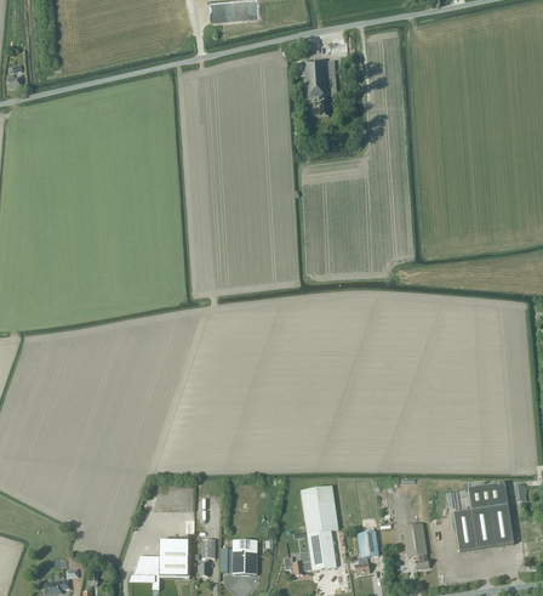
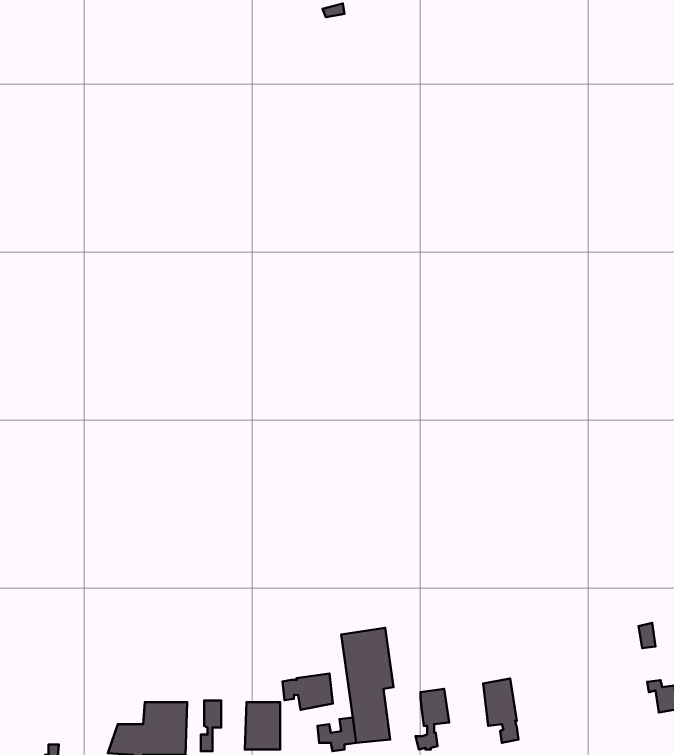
building: [297,59,328,117] -> none
building: [453,483,513,551] -> none
building: none -> [282,673,333,710]

